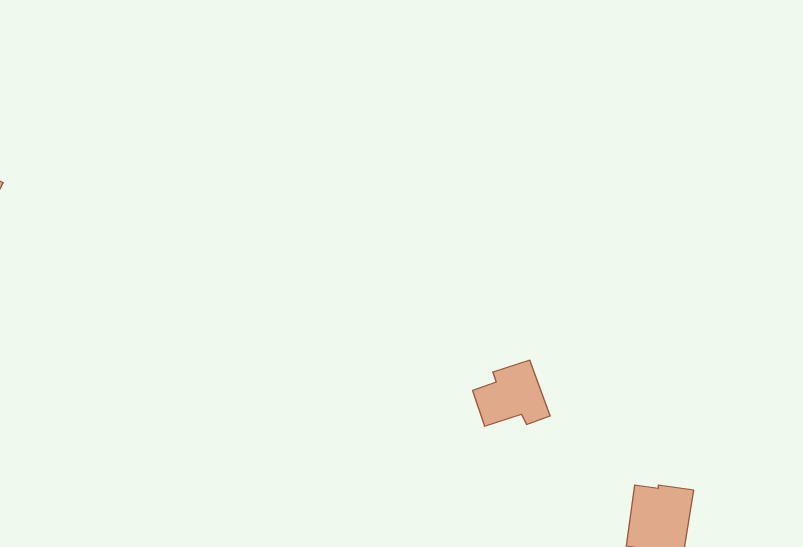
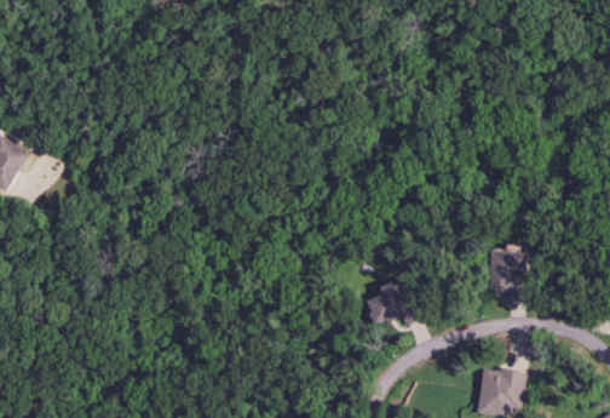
building: none -> [490,250,528,296]

